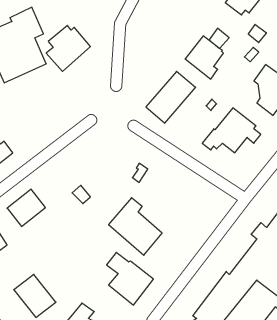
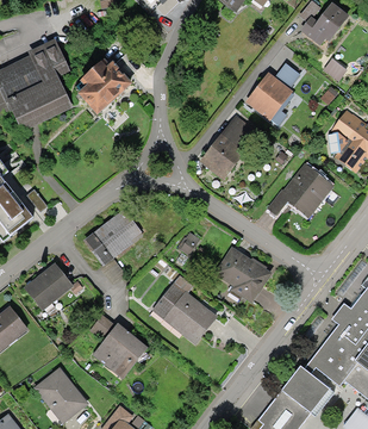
building: none -> [85,207,145,265]
building: none -> [217,244,273,301]
building: [107,252,153,305] -> [91,312,149,378]

